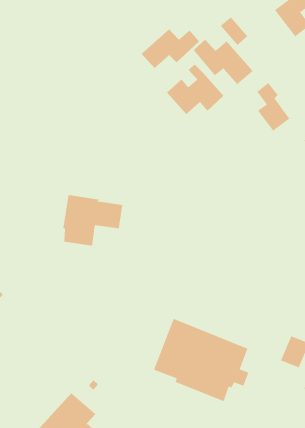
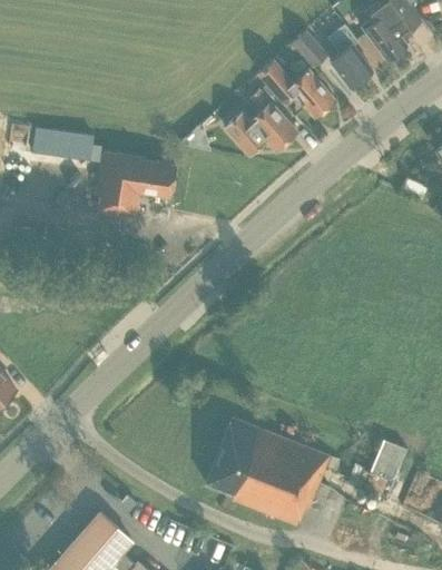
building: [141,29,200,69] -> none
building: [256,82,290,131] -> [328,24,372,88]
building: none -> [49,128,95,157]
building: [63,194,123,246] -> [97,153,175,219]

